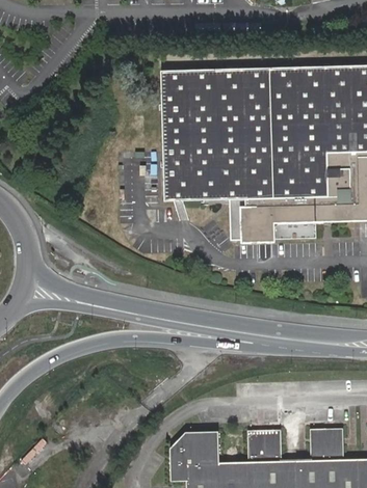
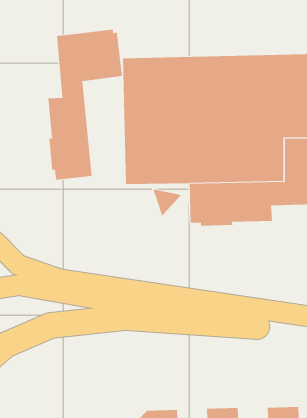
building: none -> [48,29,123,180]

